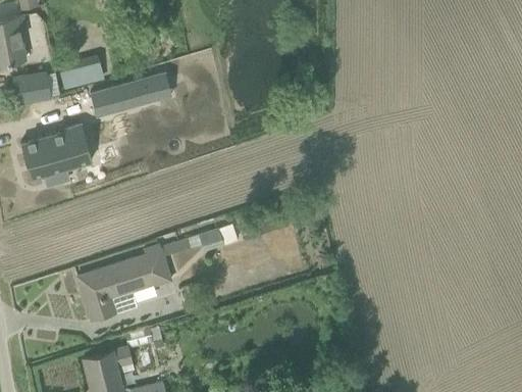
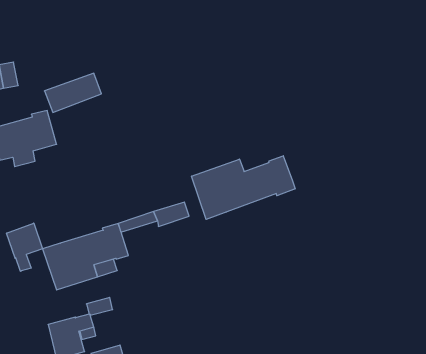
building: [59,56,103,89] -> none
building: [133,76,163,107] -> none
building: none -> [192,156,295,219]
building: none -> [7,223,43,271]

